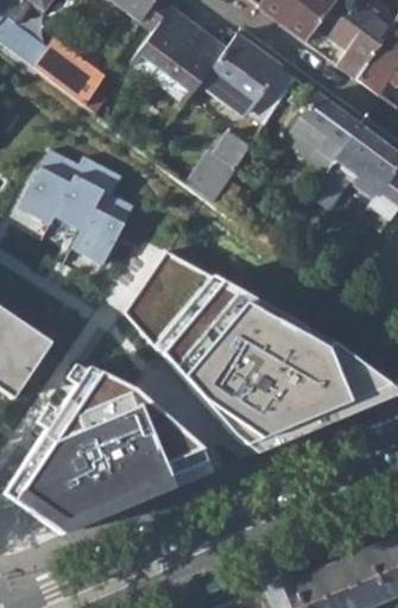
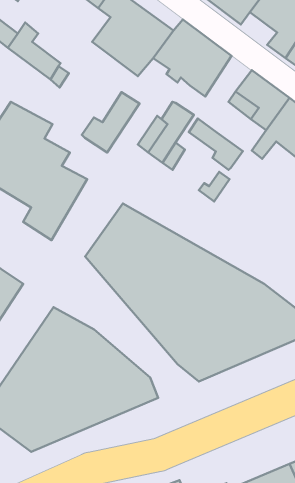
building: none -> [82,92,140,153]
building: none -> [189,119,243,170]

